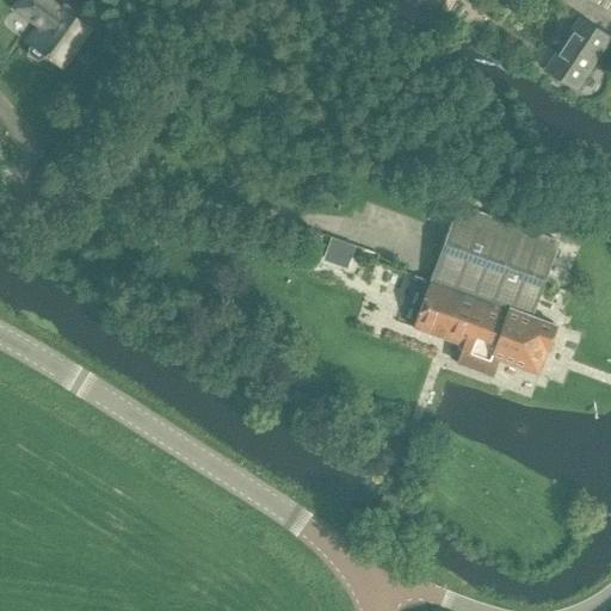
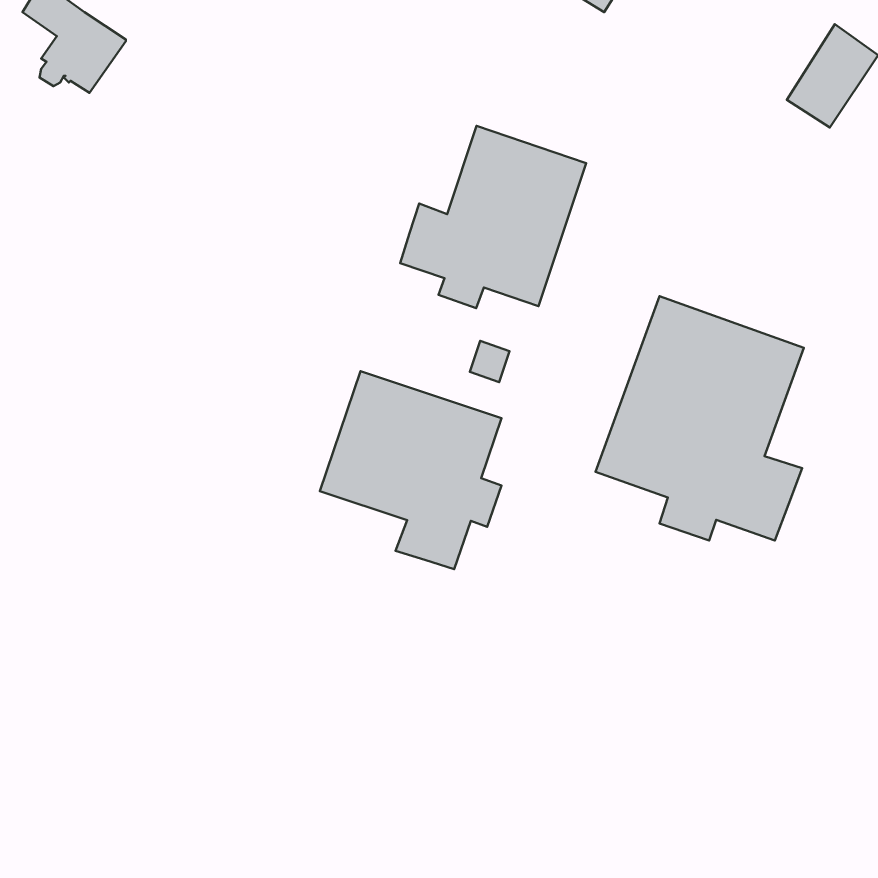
building: none -> [400,126,586,308]
building: none -> [320,371,502,569]

